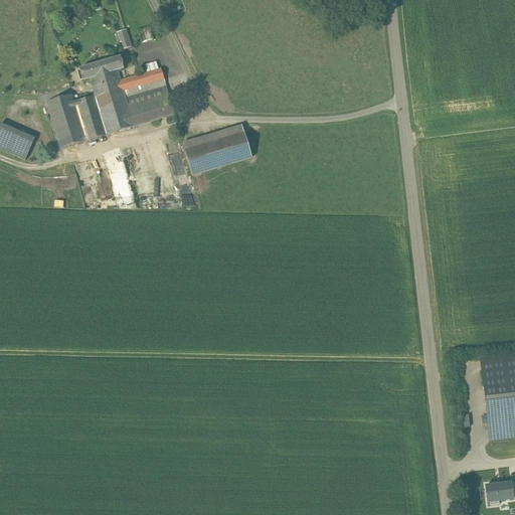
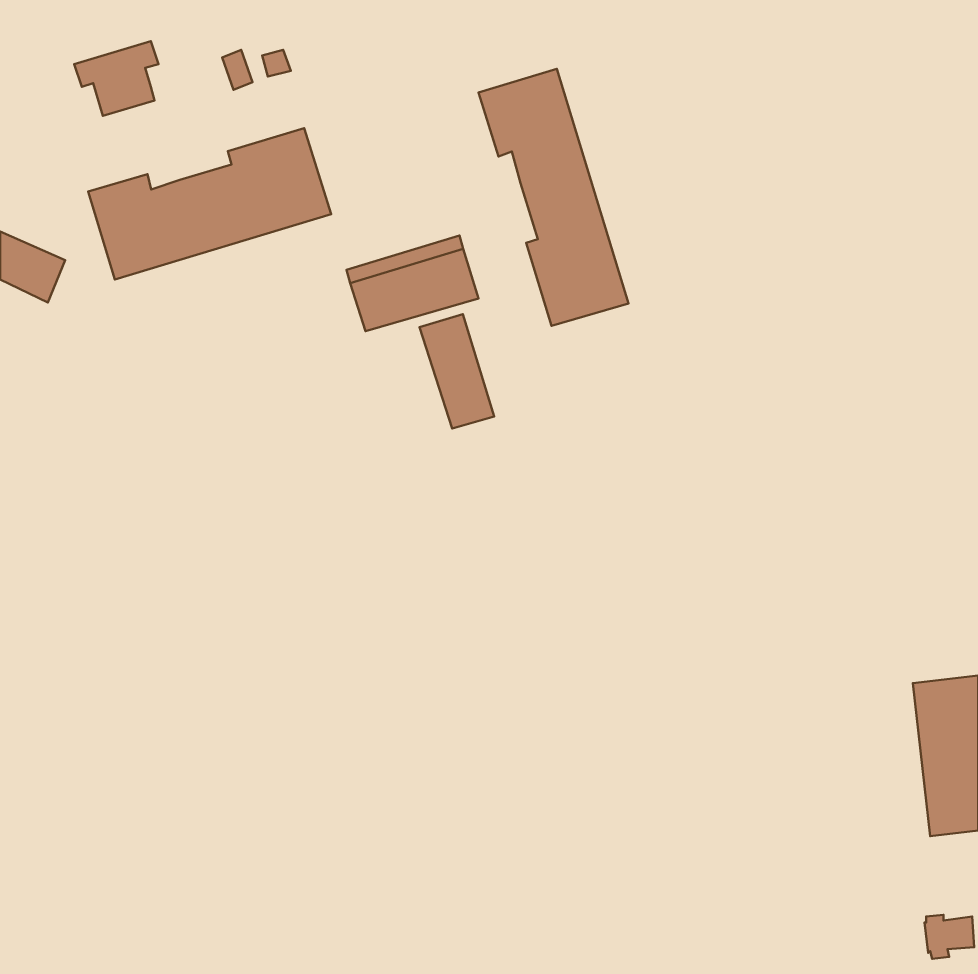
building: none -> [478,69,628,326]
building: [79,55,124,95] -> [74,41,158,116]
building: none -> [419,314,494,429]

